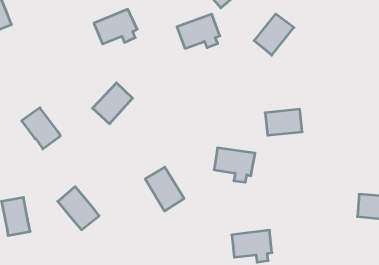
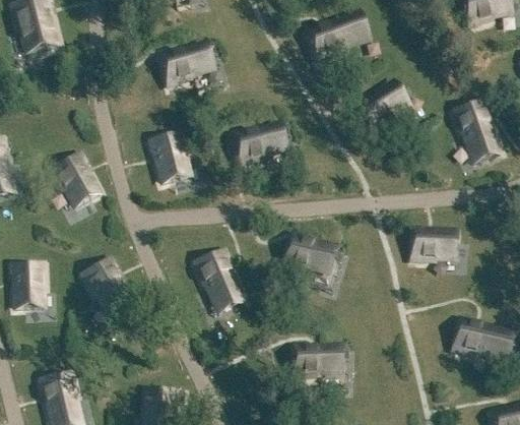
building: [177,14,220,48] -> [234,127,285,168]
building: none -> [454,101,497,155]
building: [265,109,302,135] -> [411,230,456,260]

